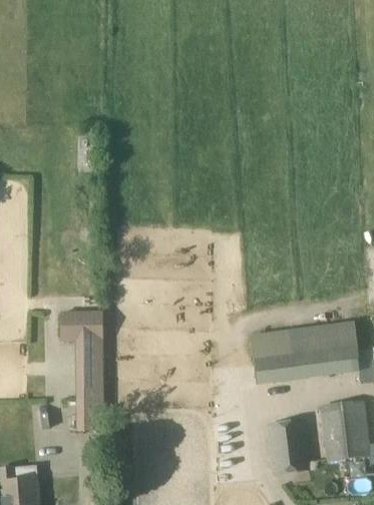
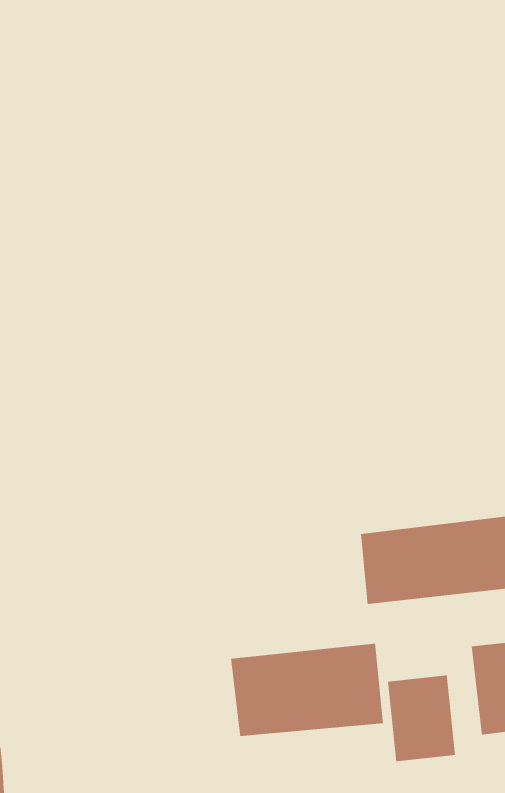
building: [60,313,102,431] -> none
building: none -> [231,643,384,737]

